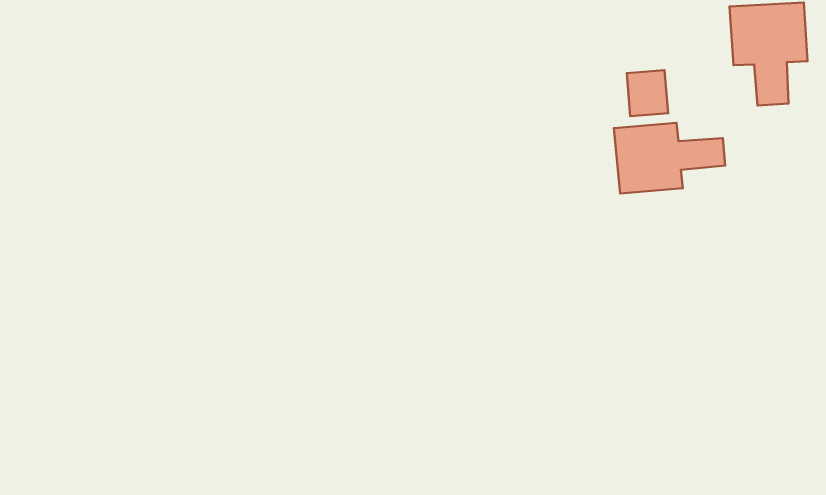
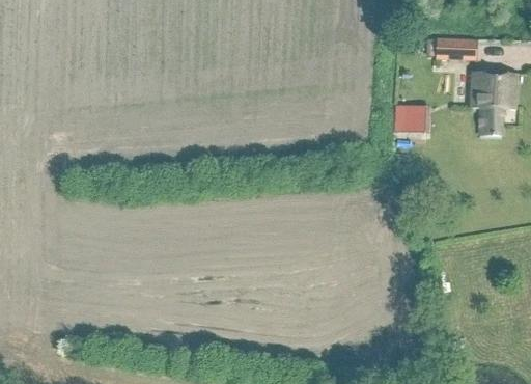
building: [614,123,725,193] -> none

